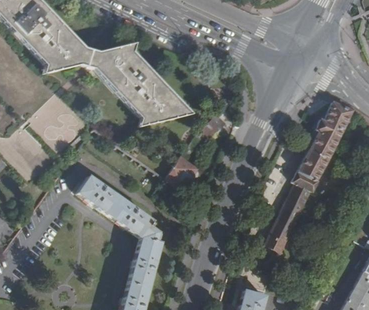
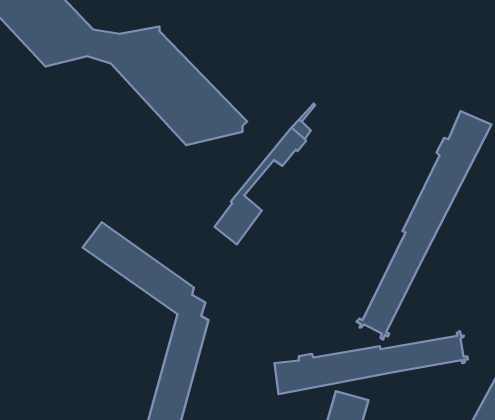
building: none -> [275,331,468,394]

